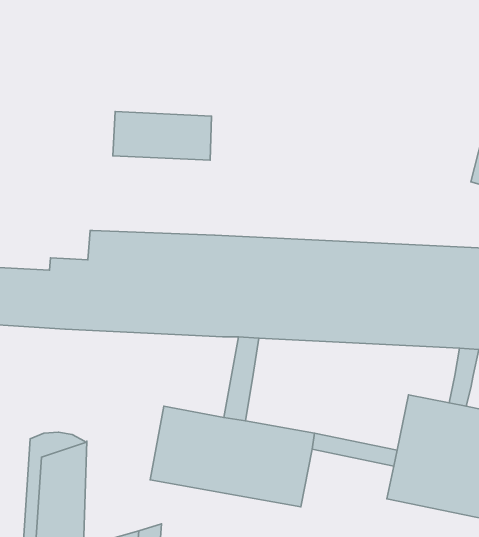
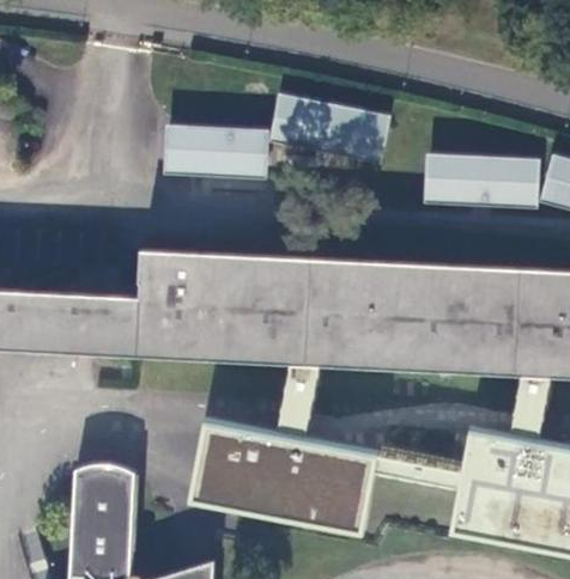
building: none -> [271,92,394,164]
building: none -> [425,154,542,208]

